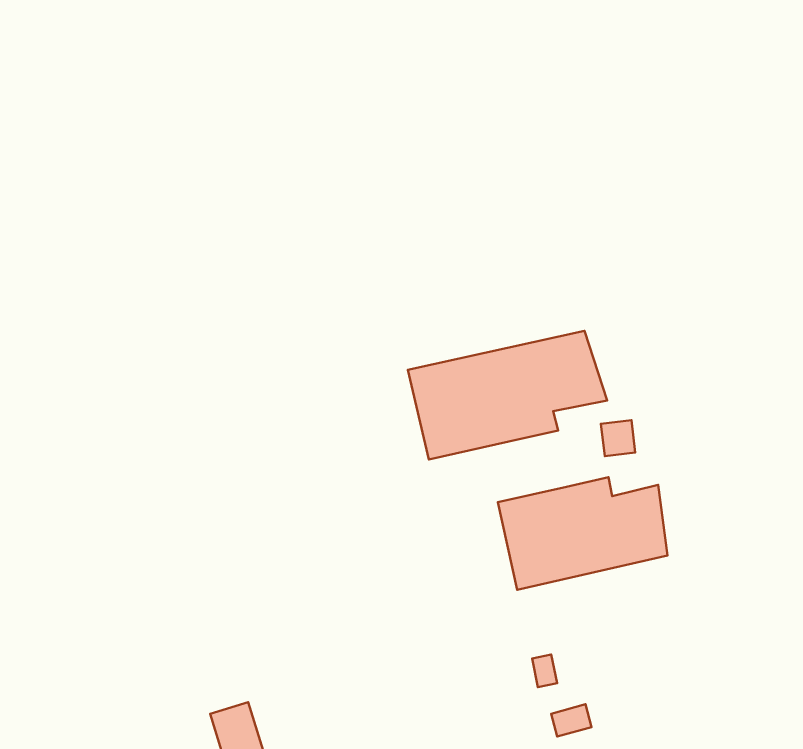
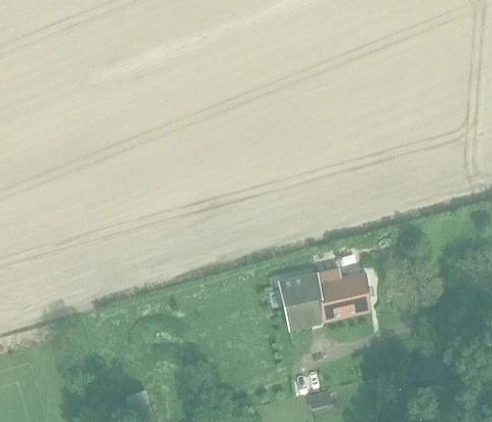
building: [408,331,607,460] -> none

